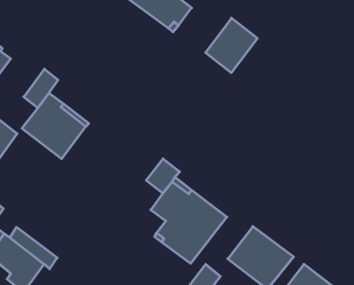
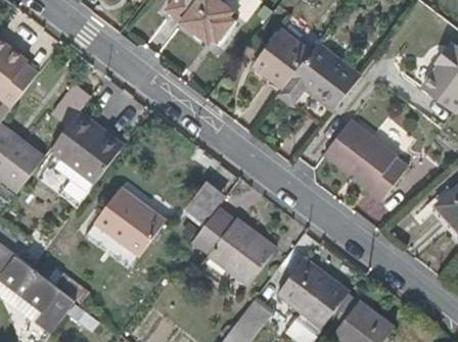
building: none -> [277,41,361,110]
building: none -> [323,120,407,203]
building: none -> [93,188,165,258]

